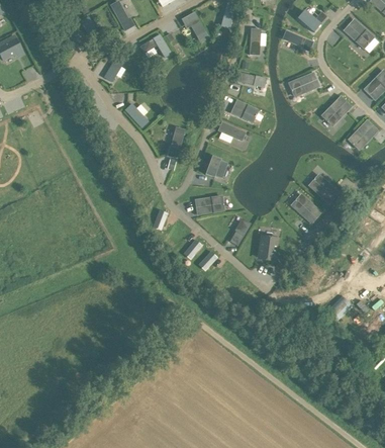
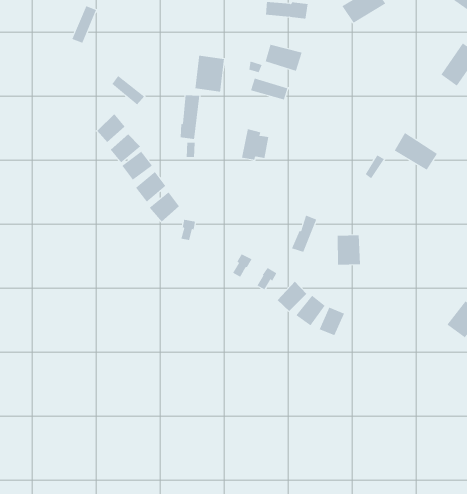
building: [322,96,351,124] -> none
building: none -> [195,55,224,93]
building: [292,194,320,222] -> none
building: [195,195,223,213] -> none

